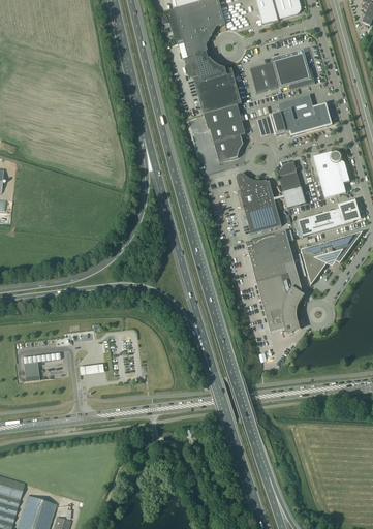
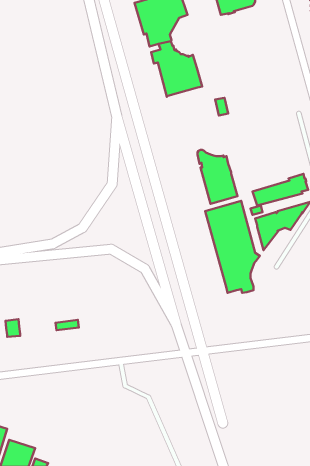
building: [249,53,315,92] -> none
building: [270,93,331,135] -> none
building: [204,103,245,161] -> none
building: [312,150,349,197] -> none
building: [274,160,304,204] -> none

